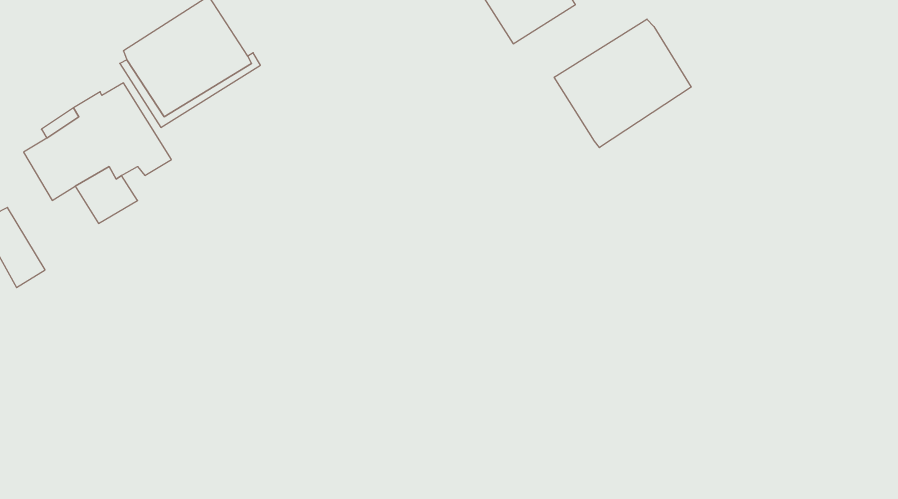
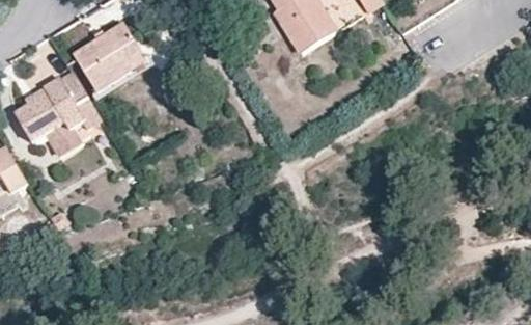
building: [554,19,691,148] -> none

